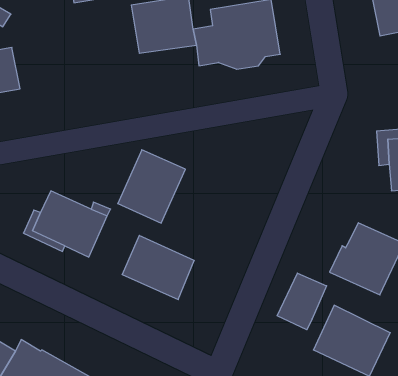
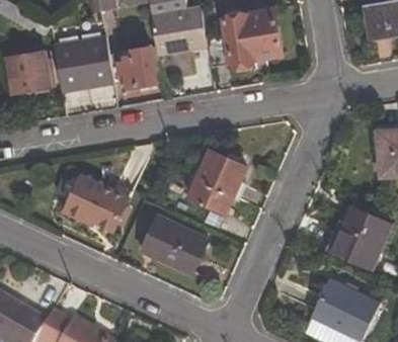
building: none -> [53,36,111,96]
building: none -> [115,47,156,88]
building: [118,150,185,223] -> [187,149,247,213]
building: [277,273,327,330] -> none

